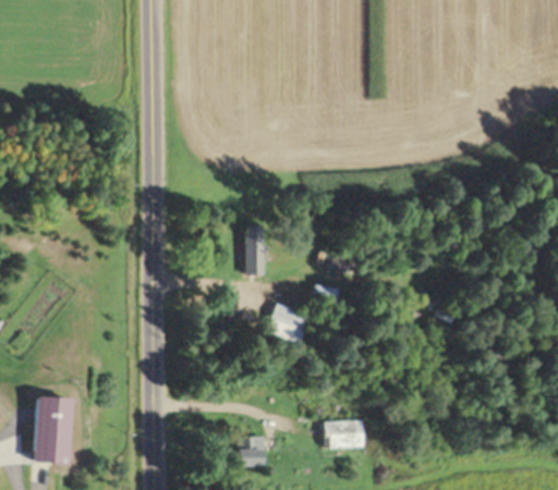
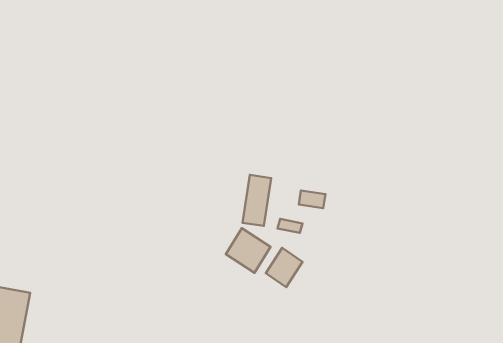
building: [243,225,265,274] -> [242,175,271,226]
building: none -> [266,248,302,287]

